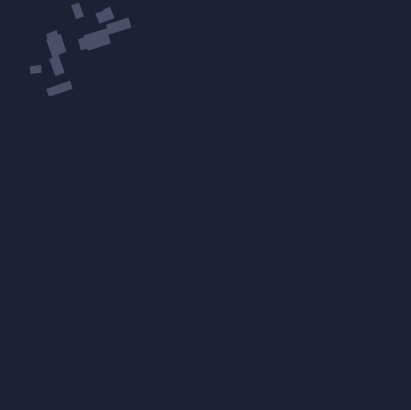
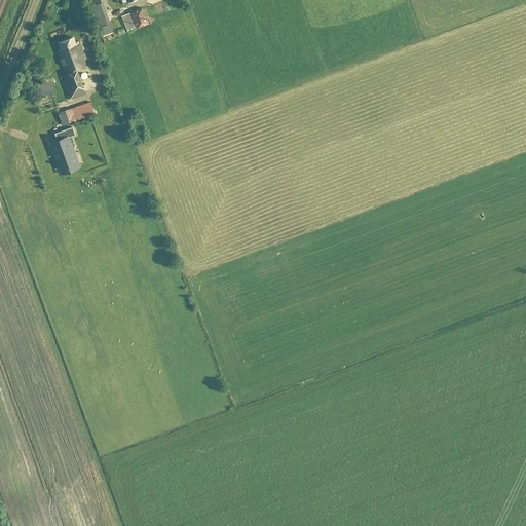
building: [77,17,133,52] -> none
building: none -> [49,127,77,170]

